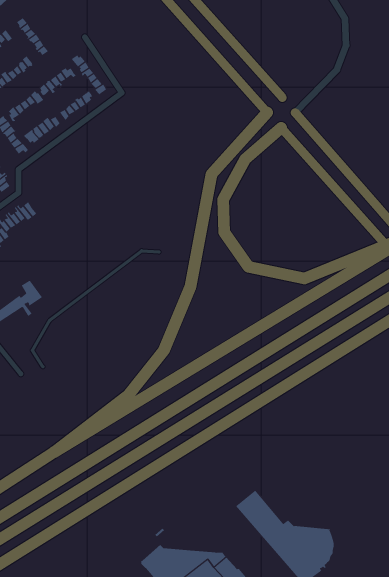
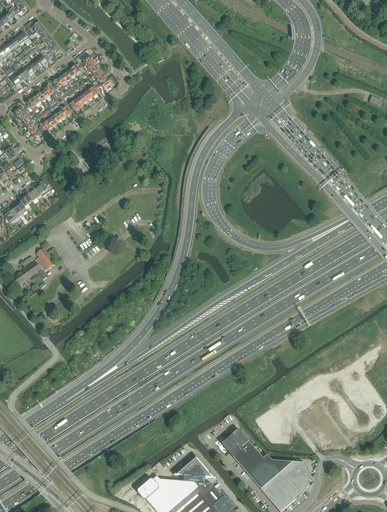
building: none -> [174,454,215,482]

